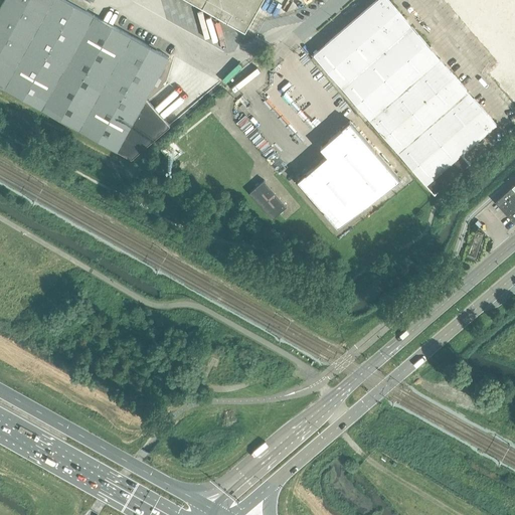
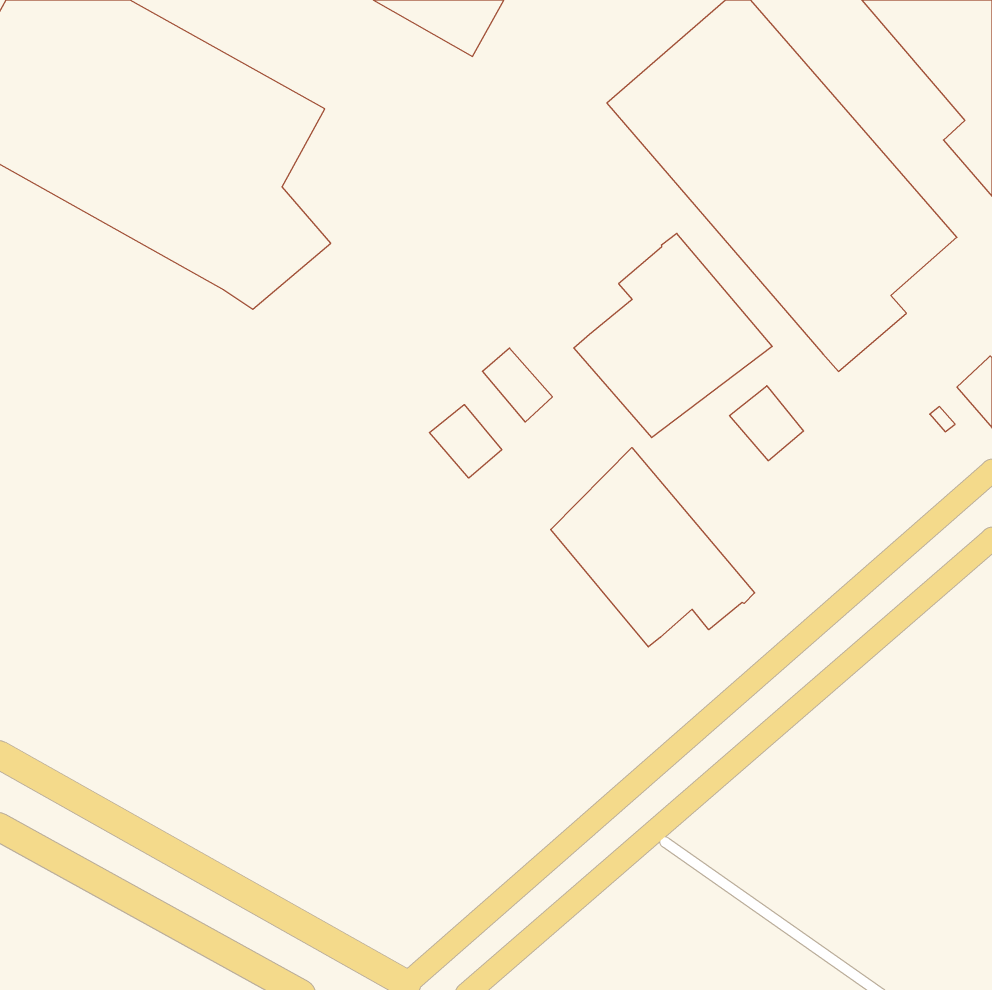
building: none -> [730,386,804,461]
building: none -> [429,405,502,478]
building: none -> [551,448,755,647]

